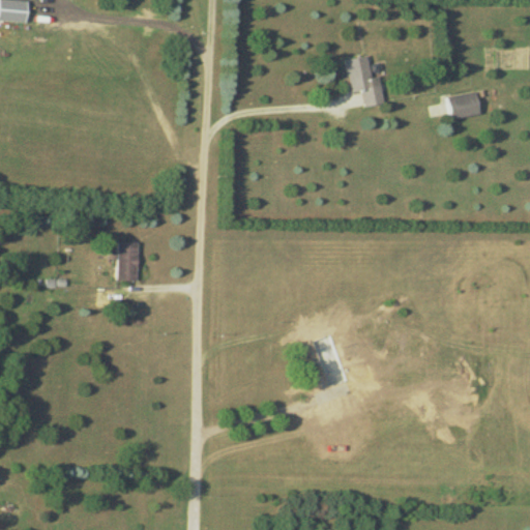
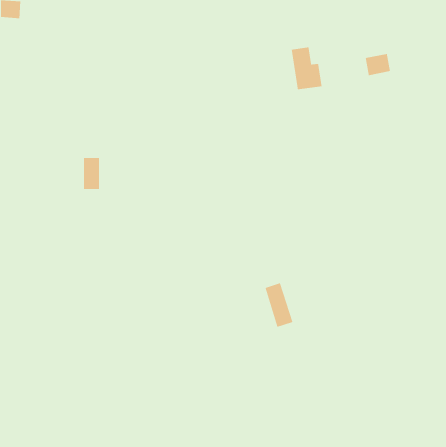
building: [447,91,478,118] -> [365,53,391,76]
building: [118,241,138,279] -> [83,157,100,190]

